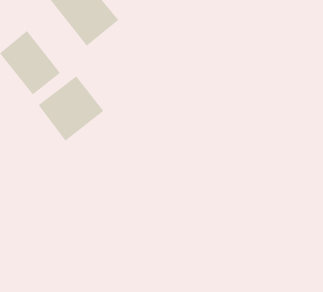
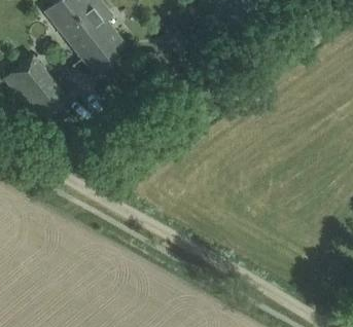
building: [38,75,104,141] -> none

